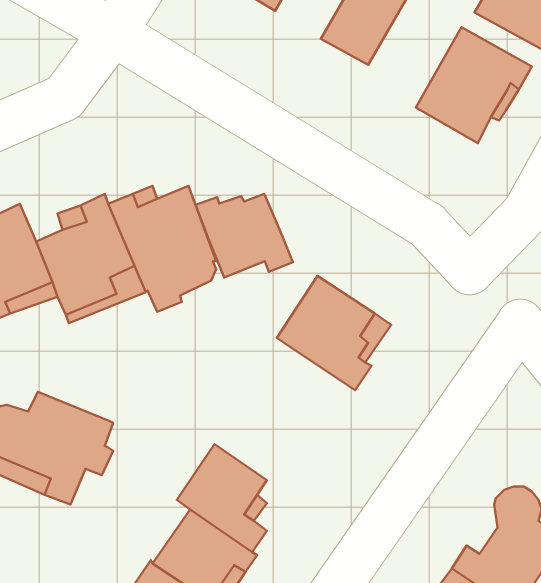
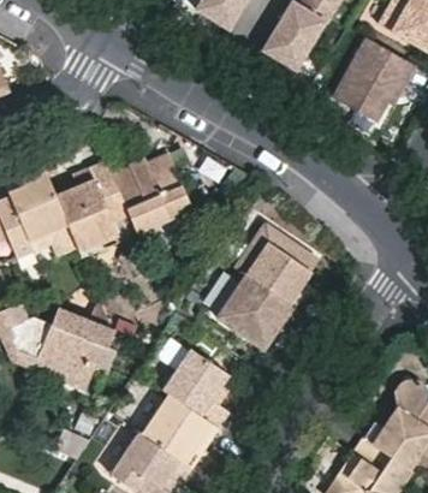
building: [195,194,293,277] -> none
building: none -> [214,274,295,349]

